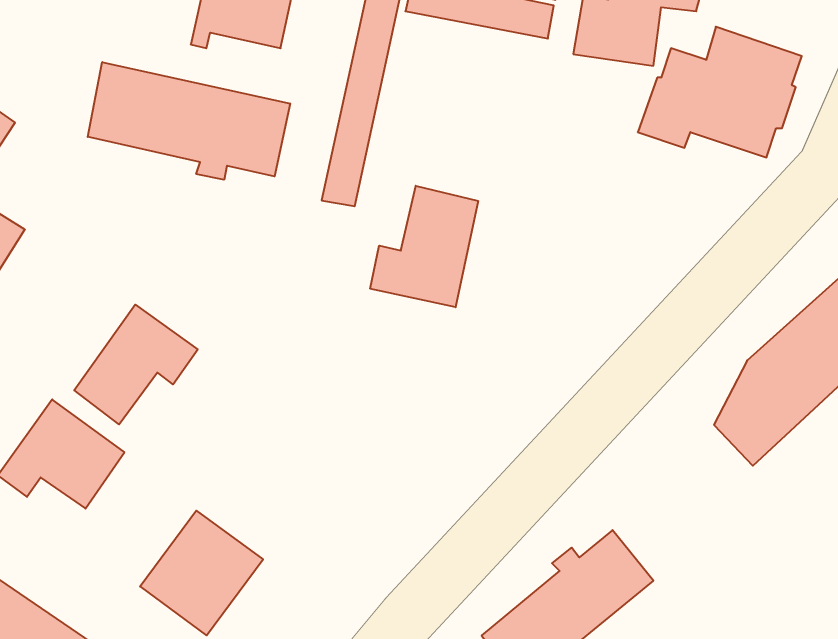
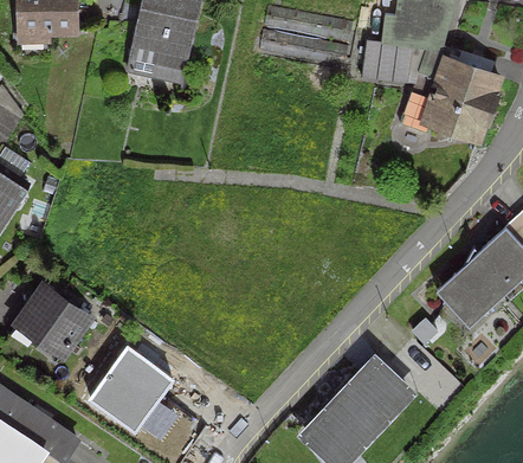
building: [88,62,290,180] -> none
building: [370,186,478,307] -> none
building: [74,305,198,424] -> none

